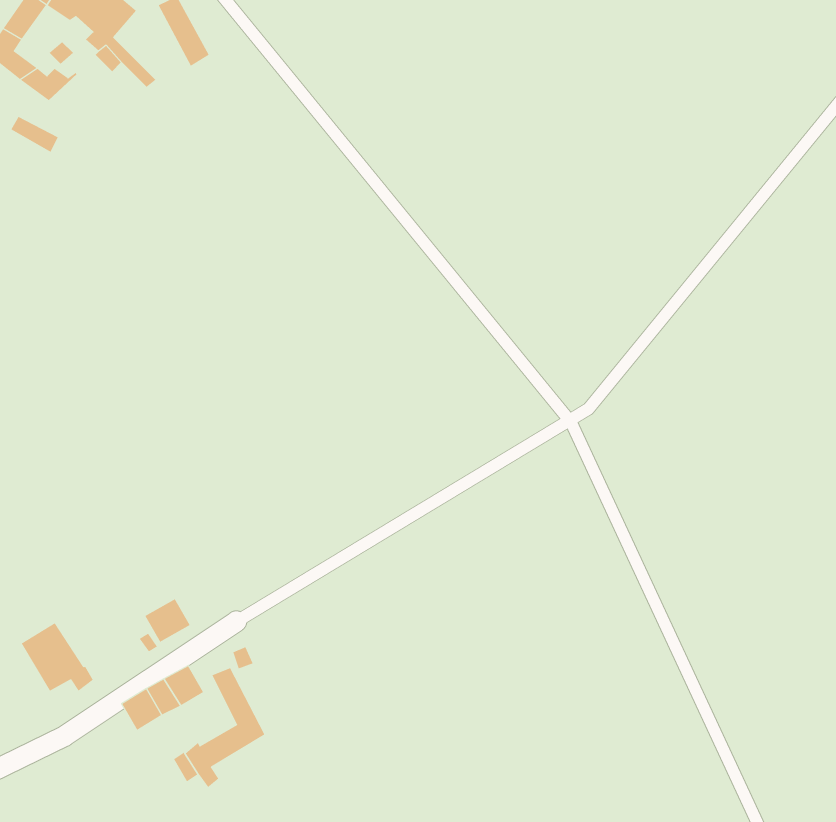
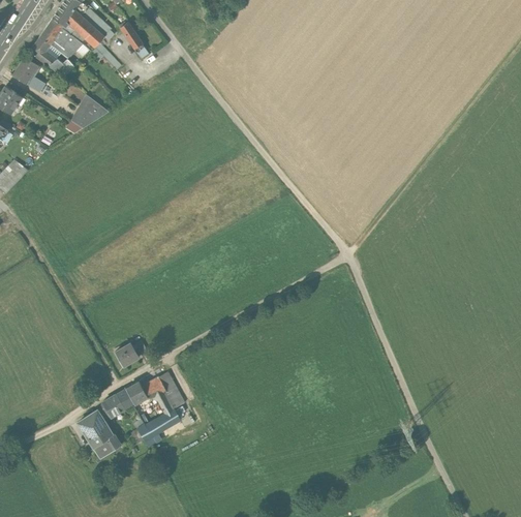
building: none -> [68,93,108,130]
building: [21,623,94,691] -> [79,410,118,448]

